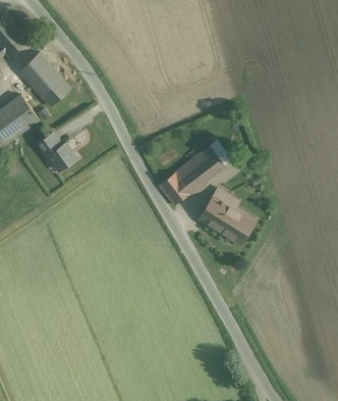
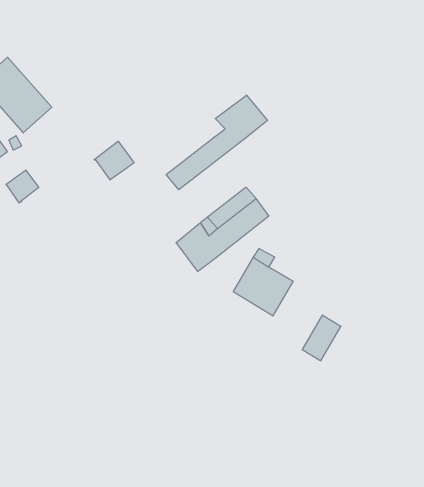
building: none -> [166,95,268,190]
building: [49,142,77,169] -> [94,141,134,180]
building: [229,212,257,245] -> [302,315,341,361]

